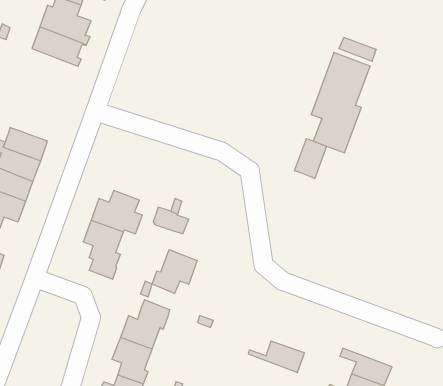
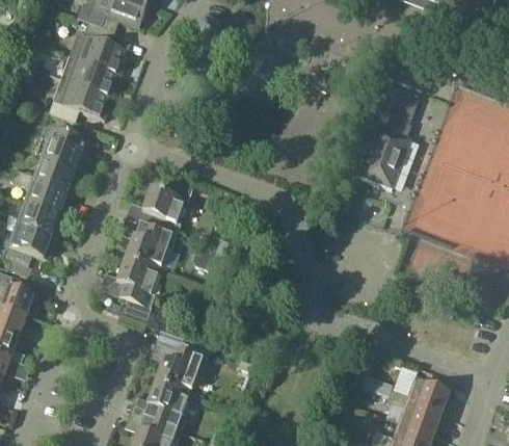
building: none -> [49,77,108,122]
building: none -> [39,127,91,175]
building: [295,139,327,179] -> none
building: none -> [141,178,191,237]
building: [152,250,197,294] -> none
building: [248,341,304,373] -> [390,379,449,413]

